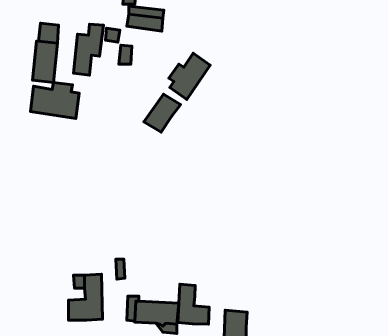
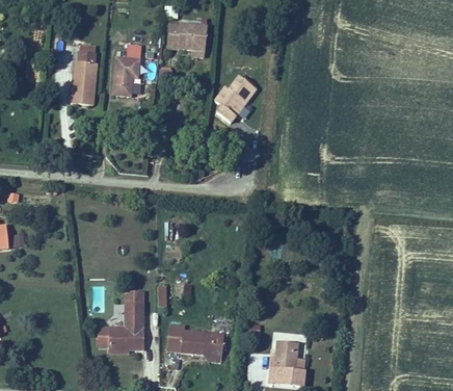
building: [30,82,79,118] -> none
building: [144,94,181,132] -> none
building: [178,284,209,324] -> none

